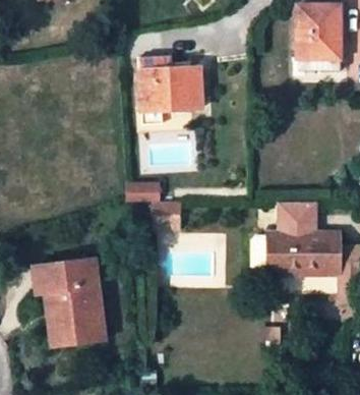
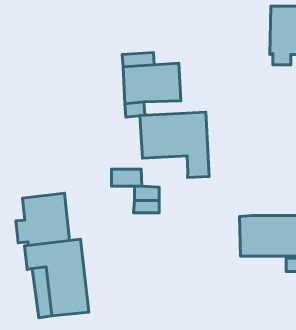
building: none -> [140,112,209,178]
building: [279,201,316,232] -> none
building: none -> [16,193,70,246]

